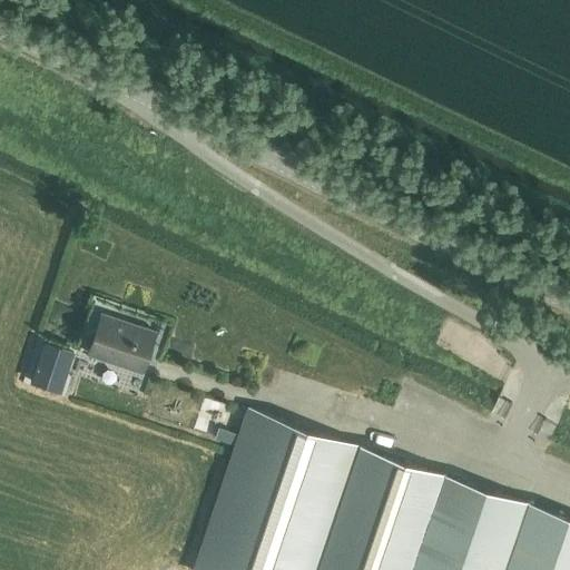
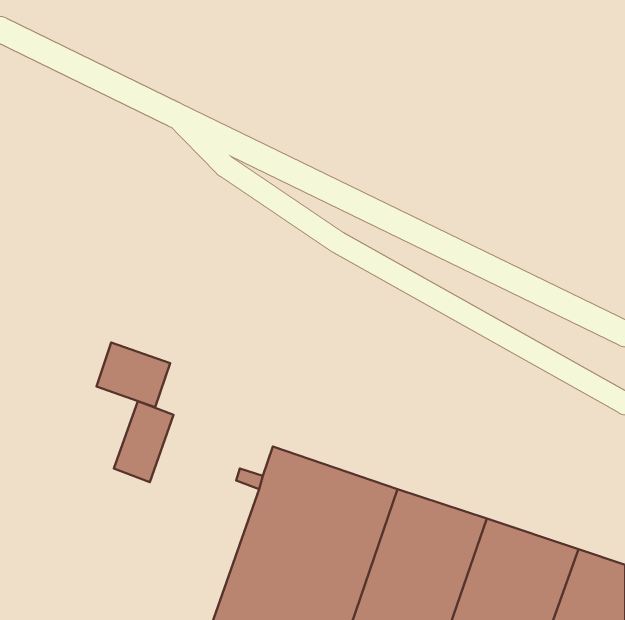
building: [30,346,73,396] -> none
building: none -> [114,401,174,482]

